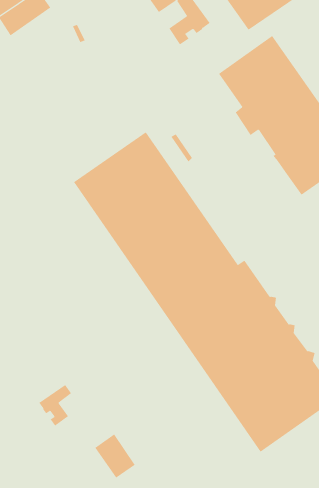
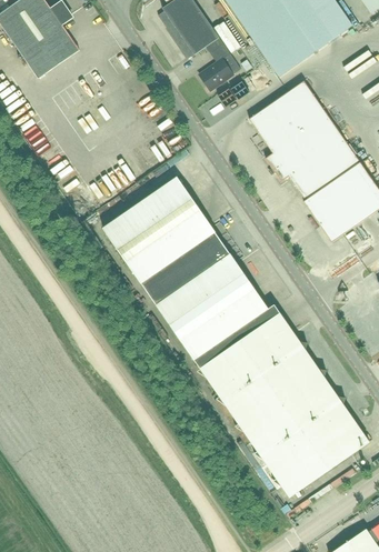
building: [39,384,72,427] -> none
building: [94,433,135,478] -> none

